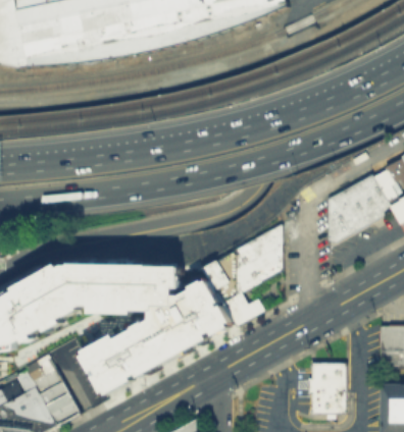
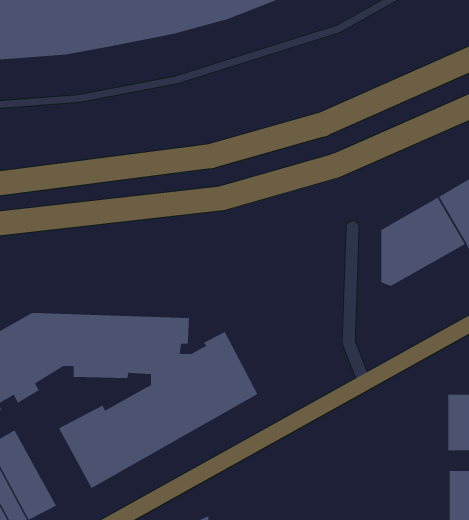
building: [202,223,281,326] -> none
building: [313,362,346,414] -> none

